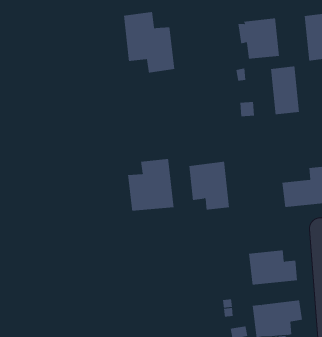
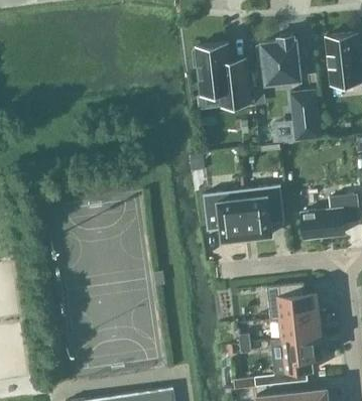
building: [123,12,175,73] -> [196,44,250,109]
building: none -> [242,186,284,239]
building: [128,158,174,212] -> none
building: none -> [270,315,321,341]

